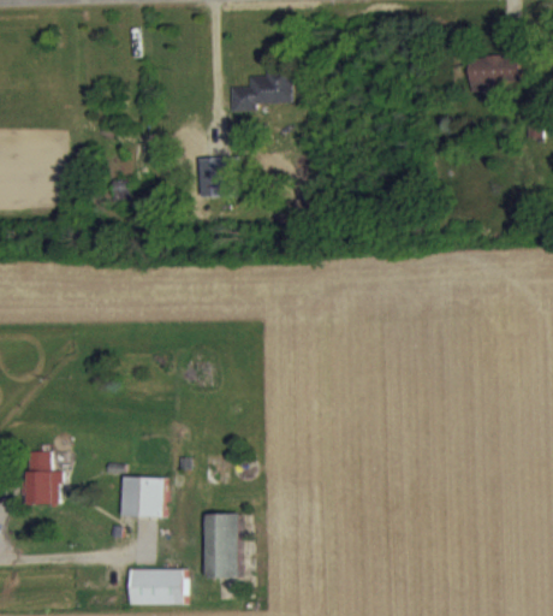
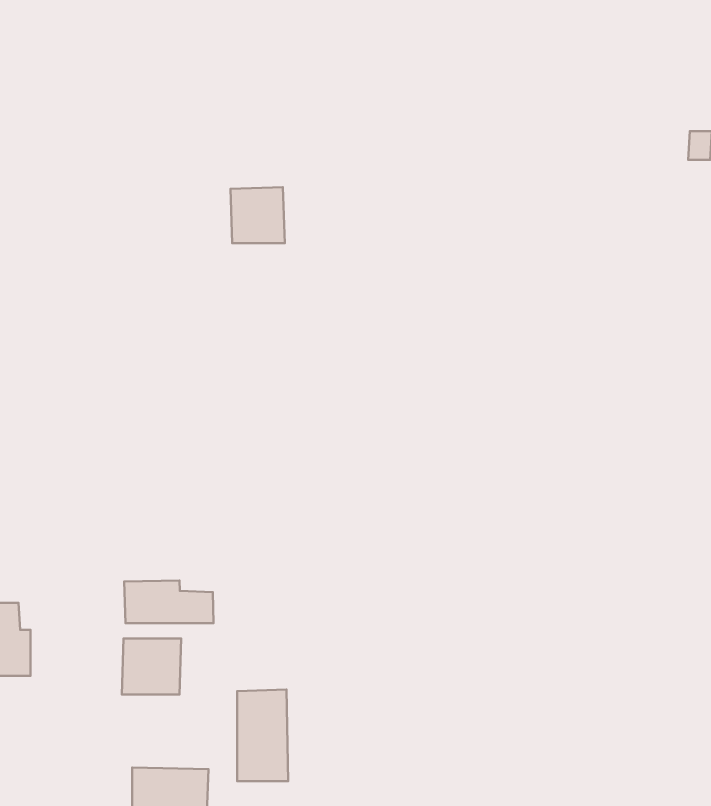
building: [468,55,525,89] -> none
building: [231,71,290,112] -> none
building: none -> [124,581,214,623]

